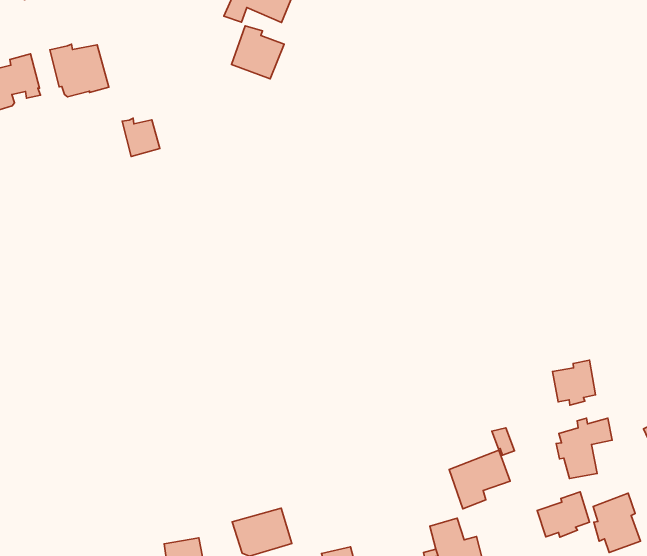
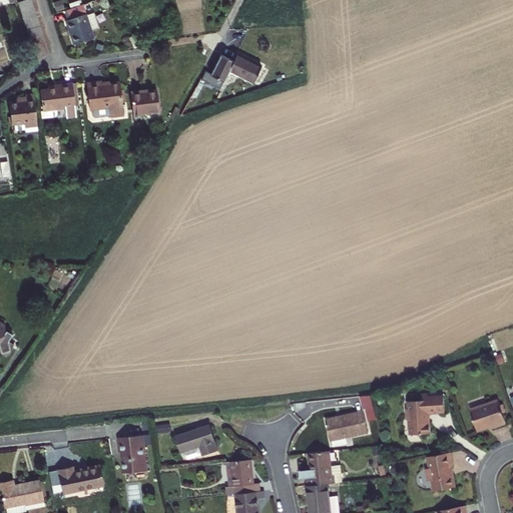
building: [231,26,284,79] -> none
building: [122,118,160,157] -> [129,85,153,112]
building: [552,360,596,405] -> none
building: [537,492,590,537] -> none

